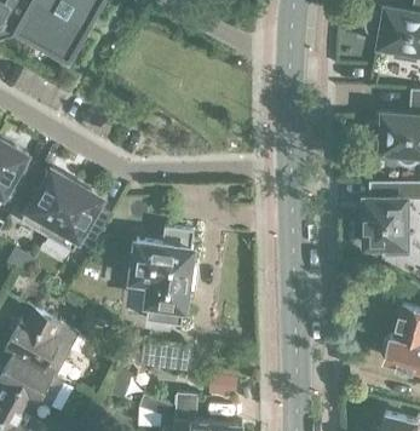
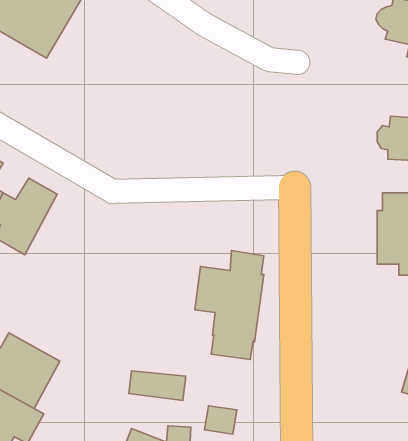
building: [47,183,110,251] -> none
building: [131,226,192,324] -> [195,250,264,360]

